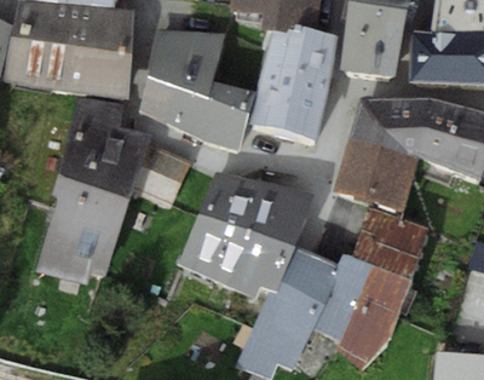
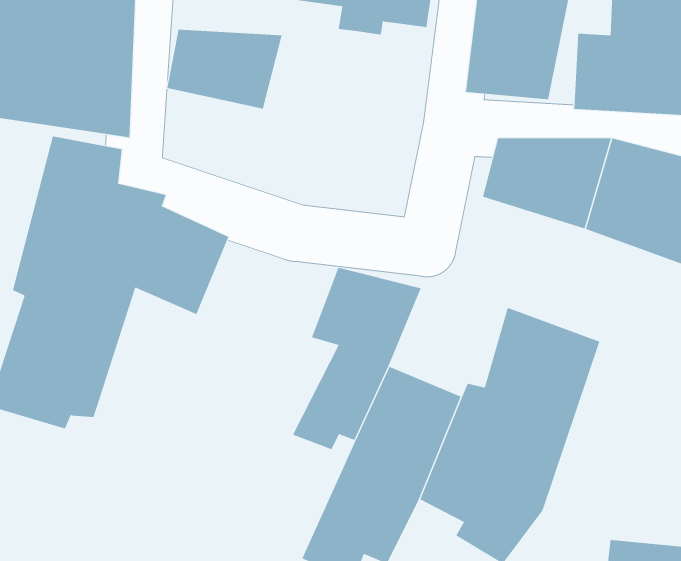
building: [252,24,339,138] -> none
building: [143,67,253,151] -> none
building: [336,136,417,208] -> none
building: [179,169,260,287] -> none

